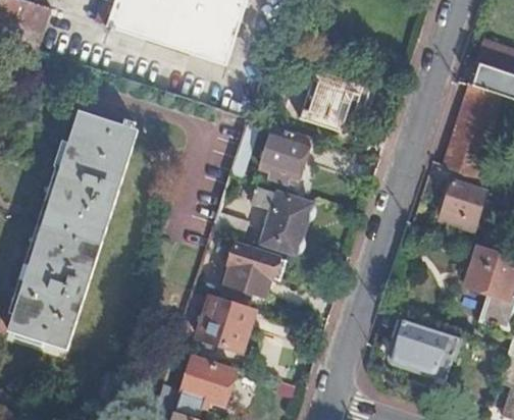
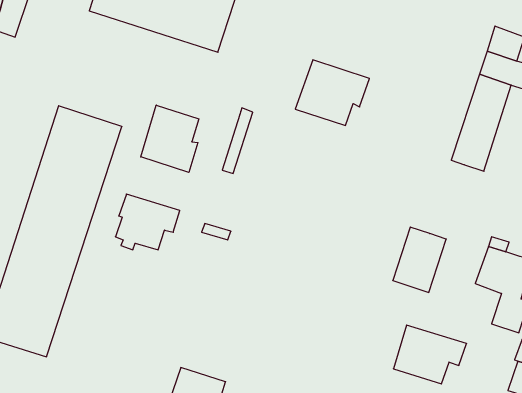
building: none -> [141,105,199,172]
building: [259,128,308,177] -> none
building: [441,168,491,229] -> [393,227,446,292]
building: [253,187,309,252] -> none
building: [223,244,284,296] -> [115,194,180,250]
building: [197,295,255,353] -> none

